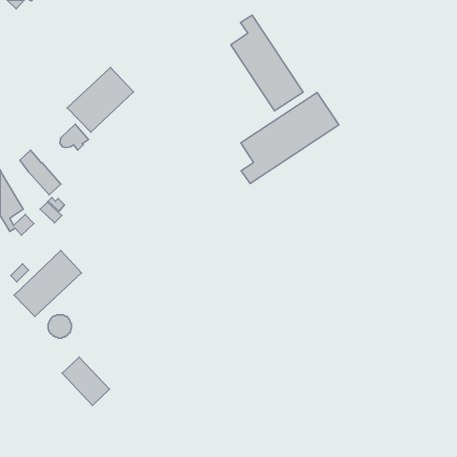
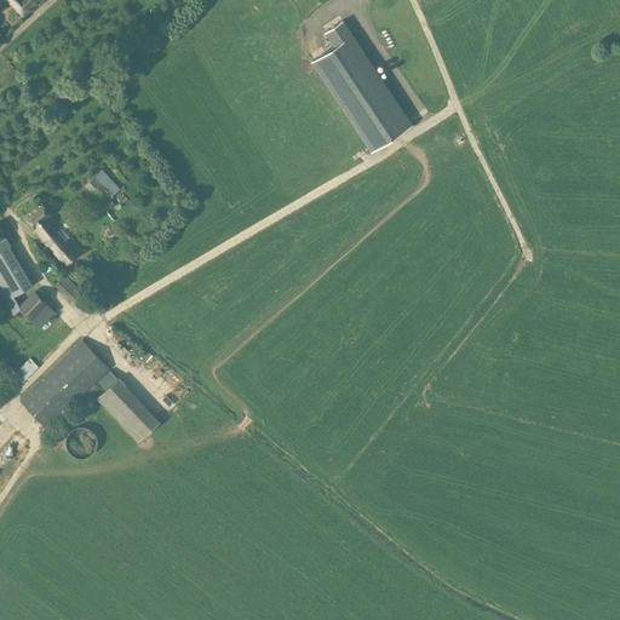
building: [67,67,133,132] -> none
building: [241,93,339,183] -> none
building: [62,357,110,405] -> [96,377,160,442]

